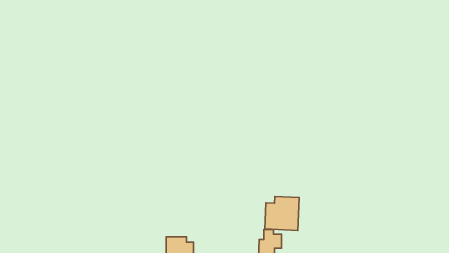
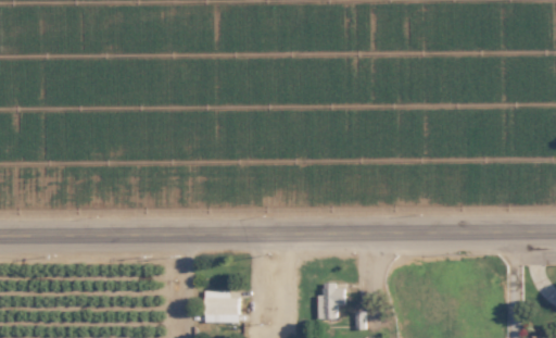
building: [265,196,299,230] -> none

